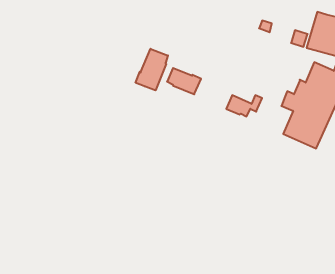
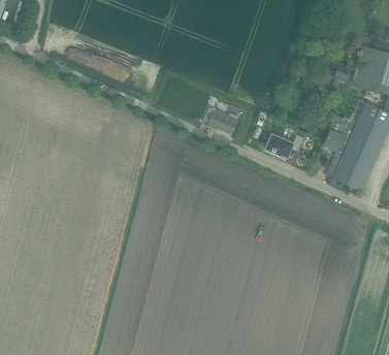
building: [136,49,168,90] -> none

